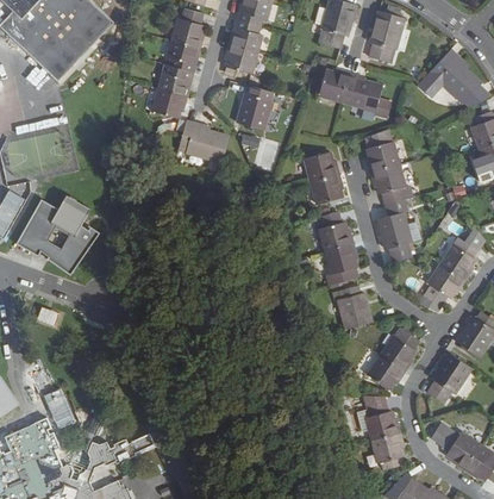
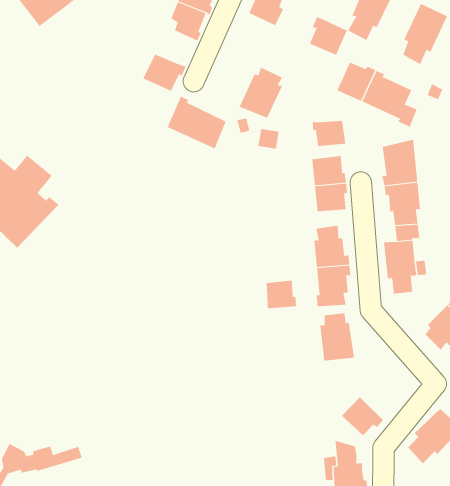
building: [226,43,257,73] -> [309,17,348,55]
building: [158,67,193,96] -> none
building: none -> [312,120,346,147]
building: none -> [266,280,296,309]
building: [380,326,418,370] -> none

